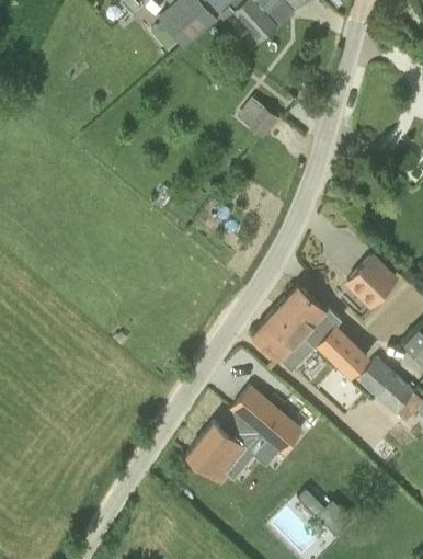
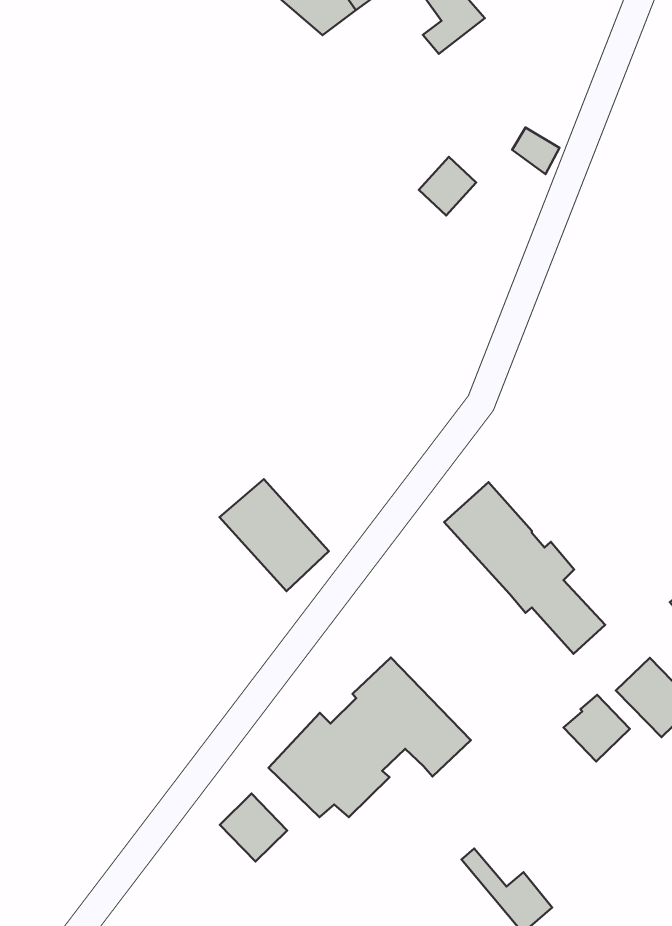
building: [347,255,396,305] -> none
building: [252,310,315,372] -> [220,479,329,591]
building: [358,360,396,397] -> [563,695,630,762]
building: none -> [220,794,287,862]

